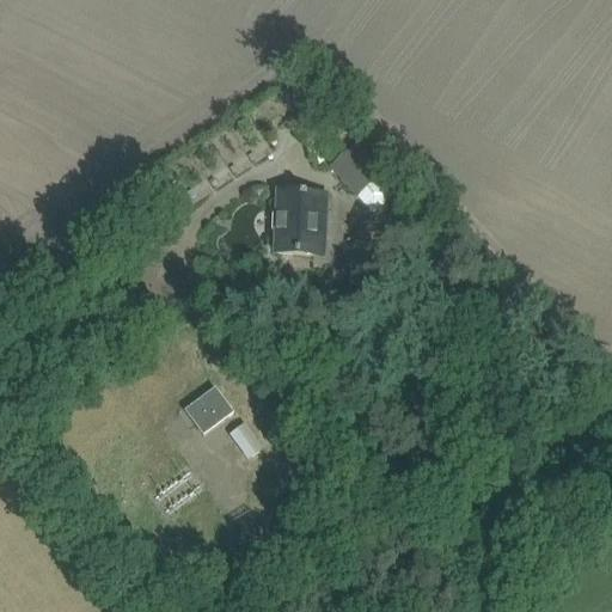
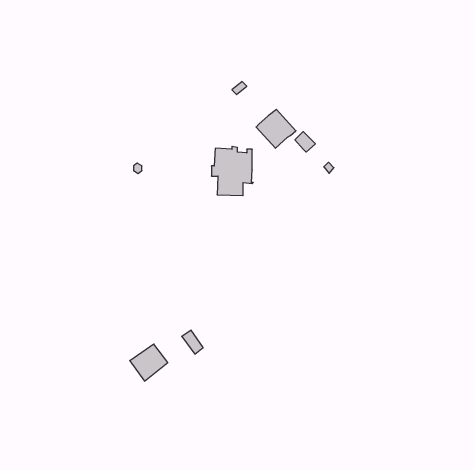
building: [184,386,233,434] -> [130,344,168,381]

